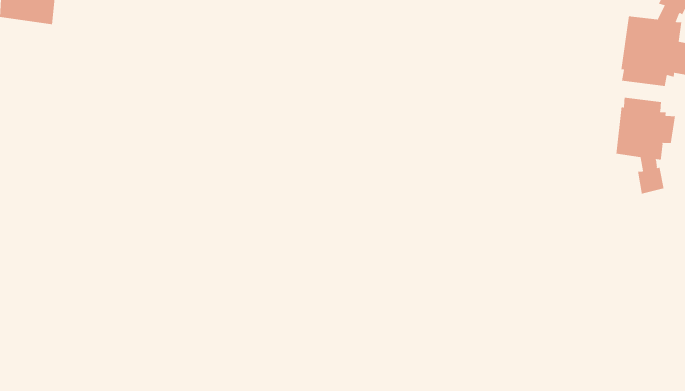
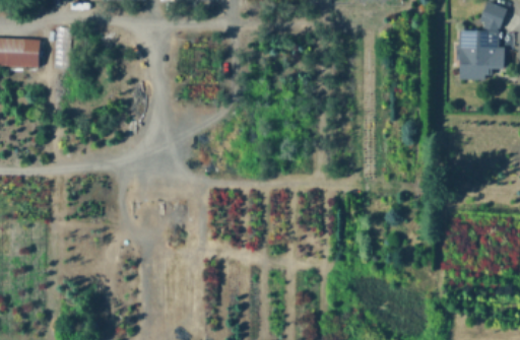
building: [616,97,675,195] -> none

